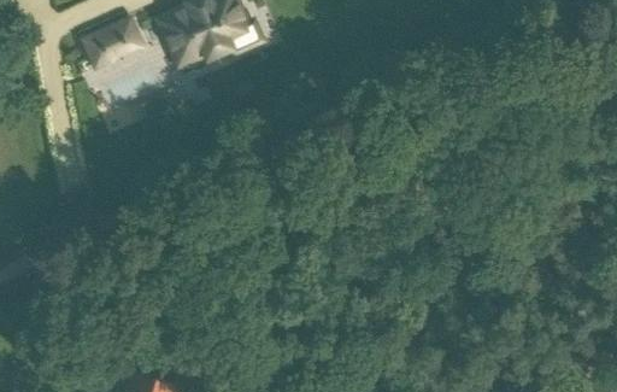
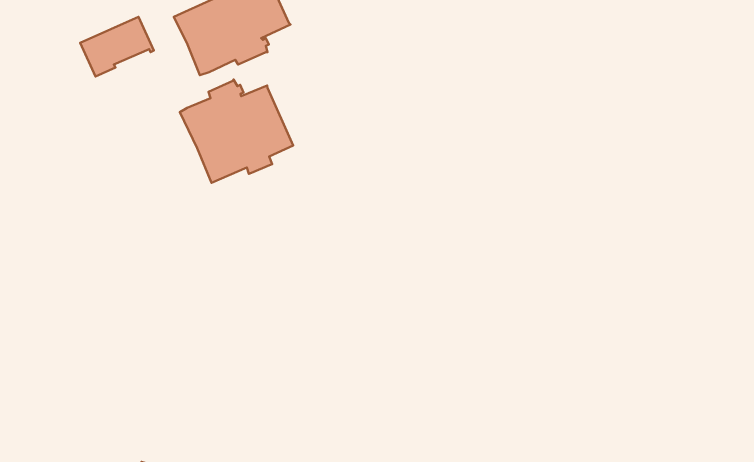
building: none -> [180,80,293,183]

